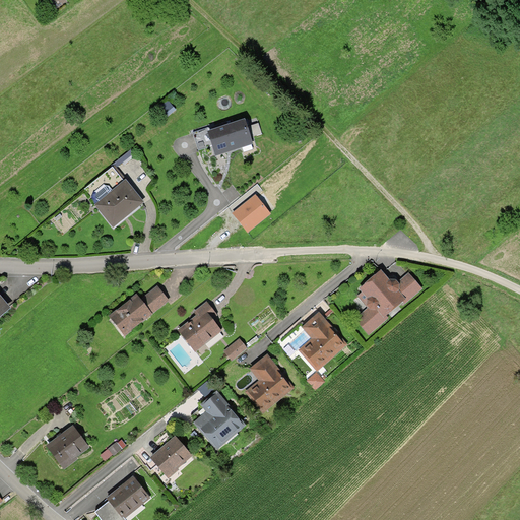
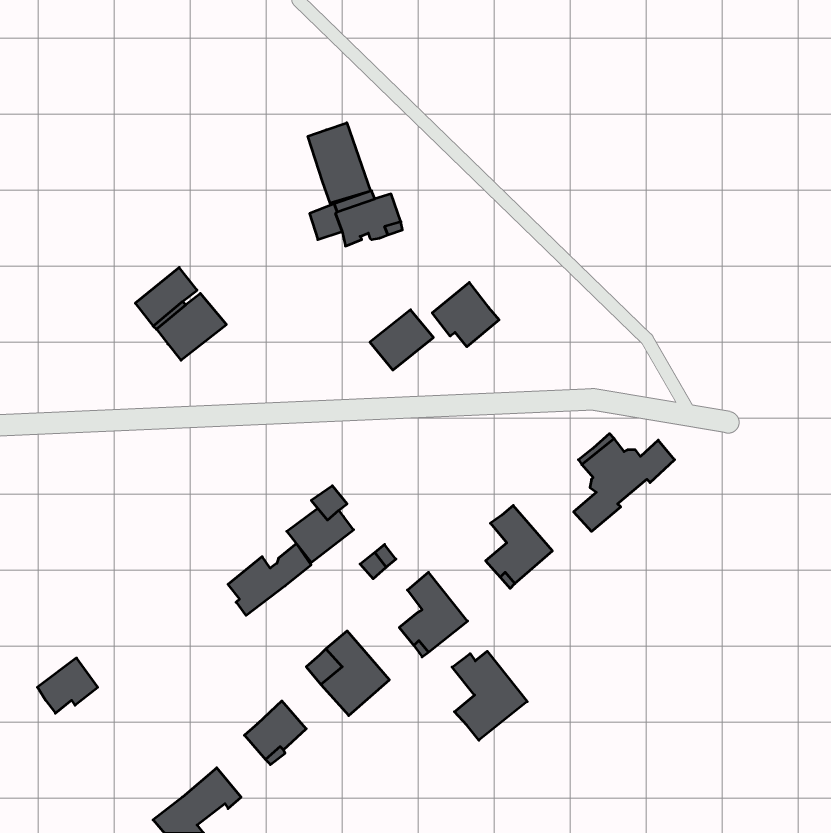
building: none -> [308,123,371,203]
building: none -> [432,282,499,347]
building: [116,286,168,331] -> [228,544,311,615]
building: none -> [452,651,527,740]
building: [49,428,86,462] -> [37,658,98,713]

